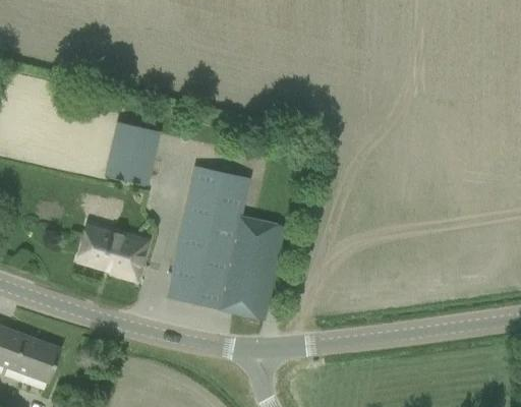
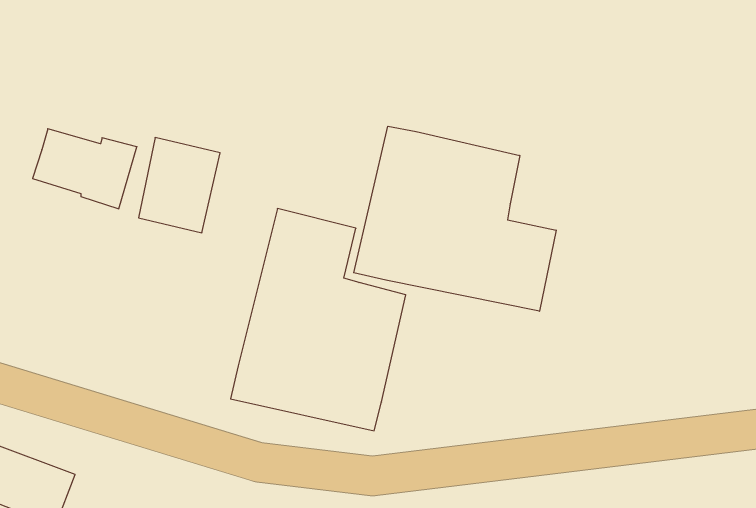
building: none -> [354,126,556,311]
building: [77,225,148,279] -> [33,129,137,209]

